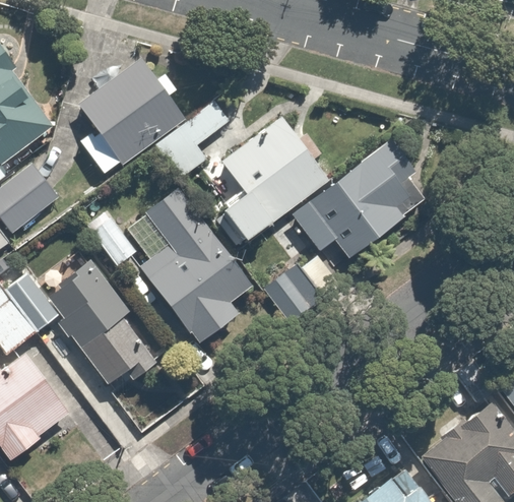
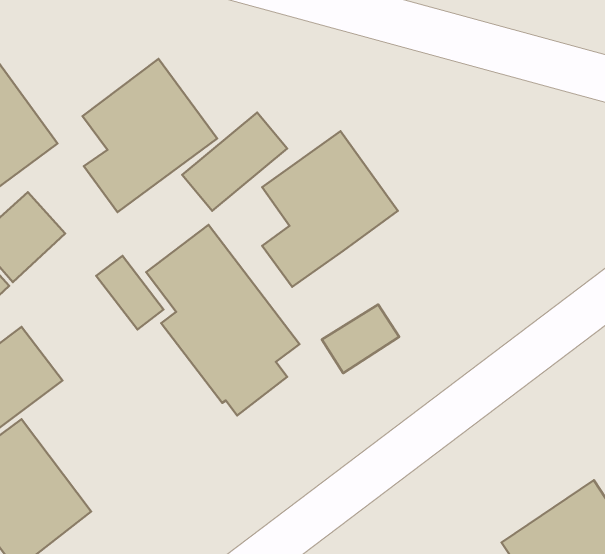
building: [287,142,431,263] -> none
building: [45,258,157,398] -> none

